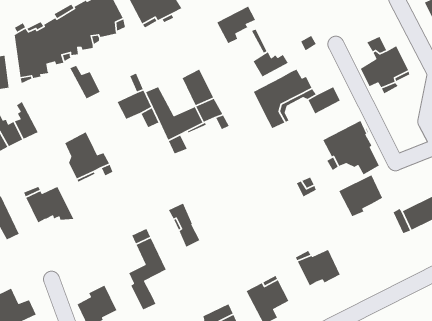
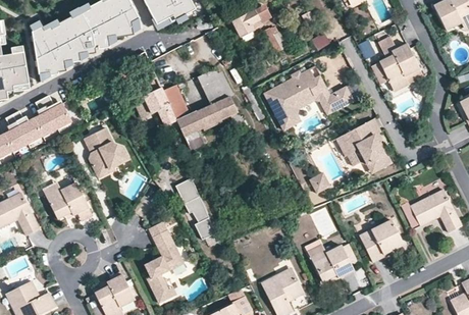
building: [252,51,289,78] -> none
building: [69,65,101,99] -> [43,96,73,129]
building: [338,174,383,217] -> [358,217,402,259]
building: none -> [175,178,200,205]

